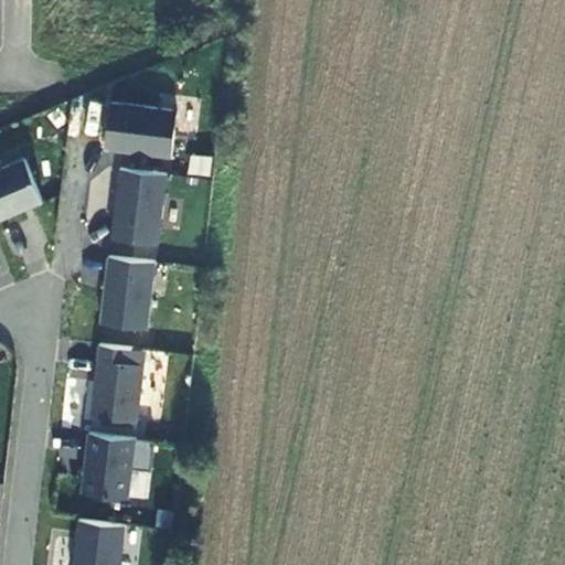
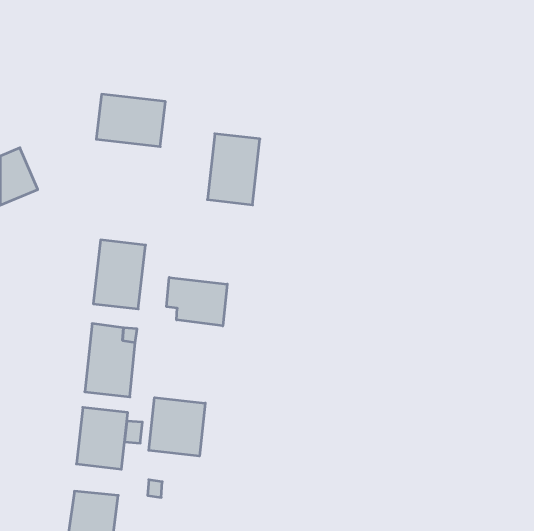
building: [110,170,166,245] -> [207,134,260,205]
building: none -> [167,277,227,326]
building: none -> [149,398,205,456]

